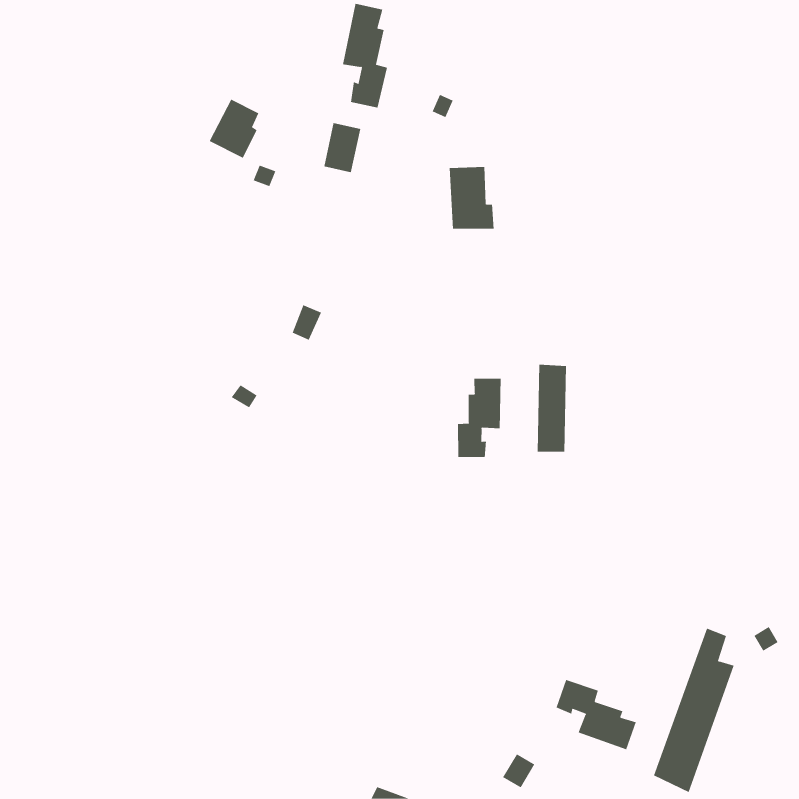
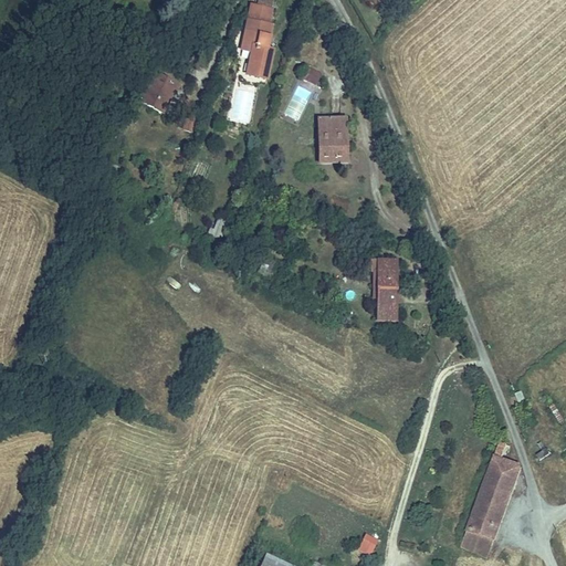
building: [457,378,501,458] -> none
building: [556,679,636,750] -> none

